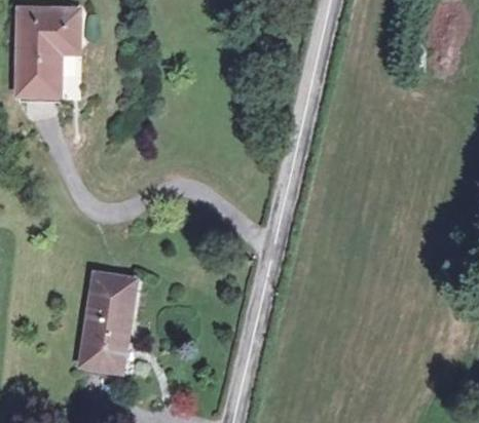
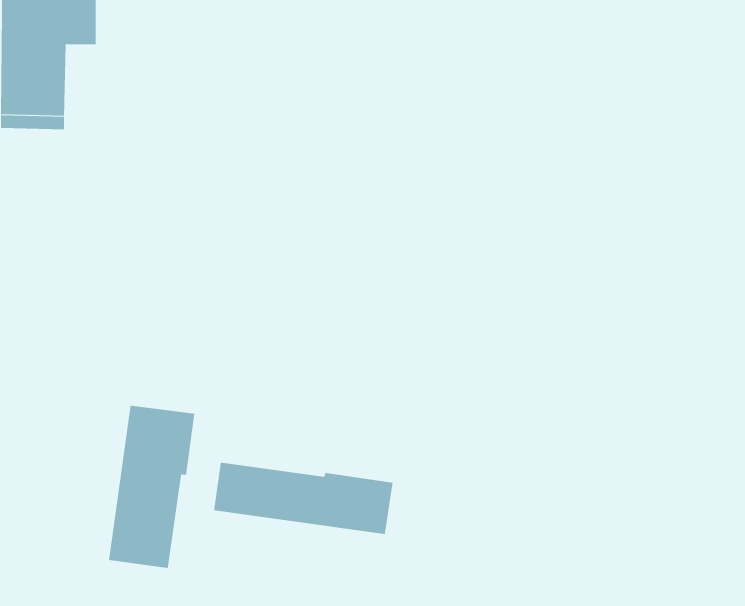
building: none -> [214,462,393,535]

